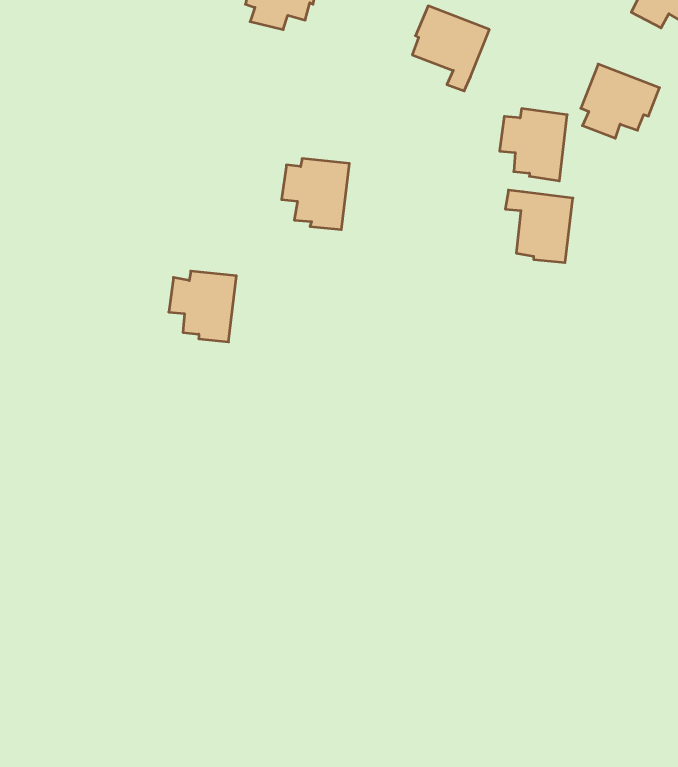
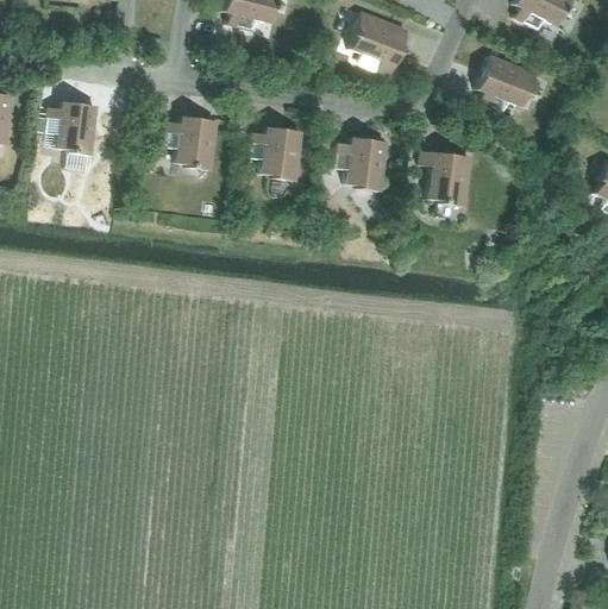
building: [500,109,567,181] -> [336,136,387,190]
building: none -> [46,100,98,155]
building: [169,271,236,342] -> [165,115,217,169]

